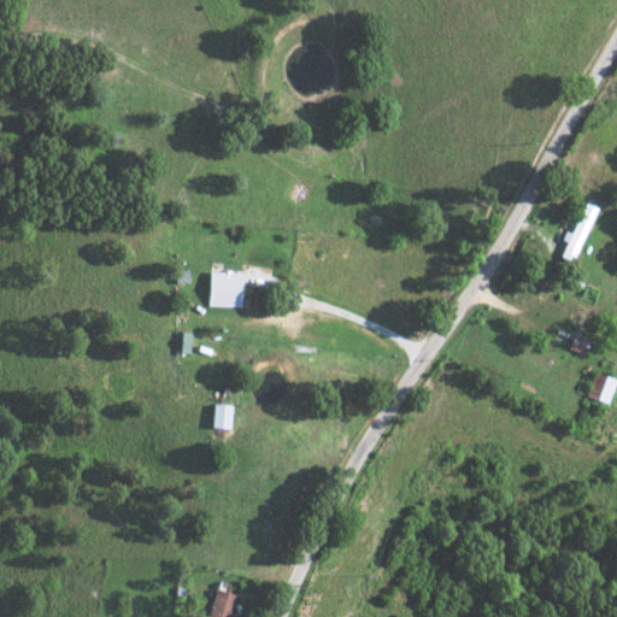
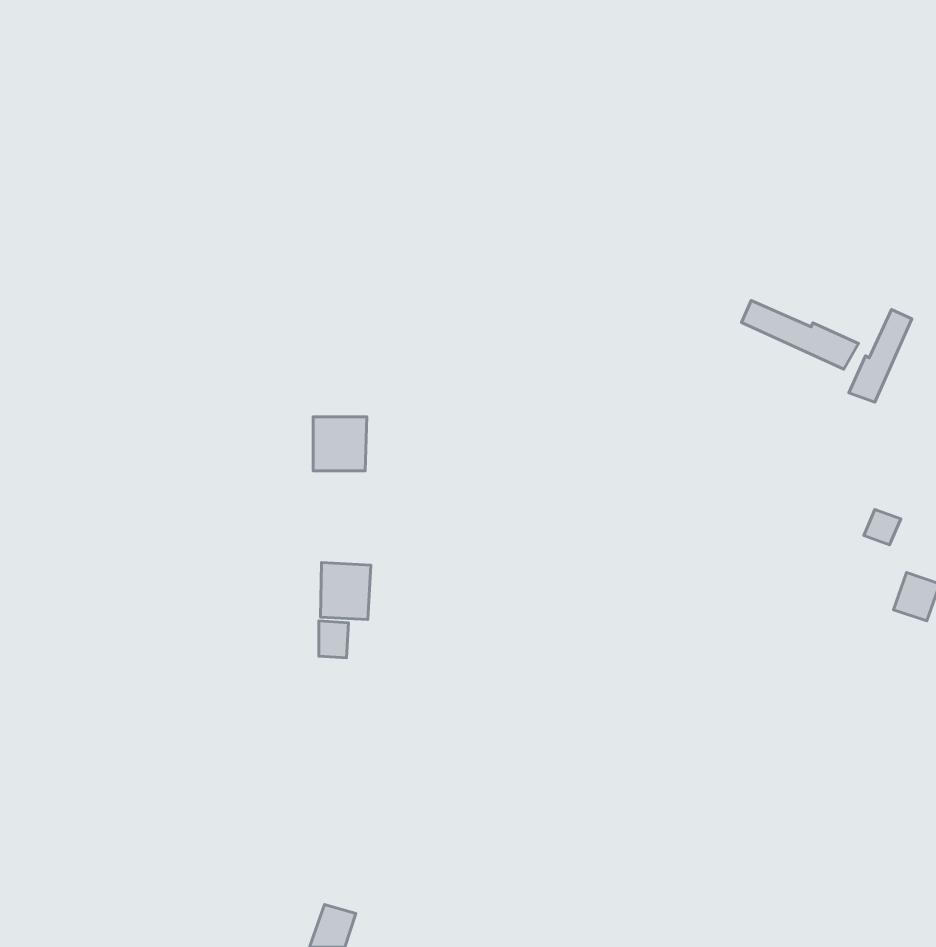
building: none -> [741,301,858,369]
building: none -> [320,562,371,620]

